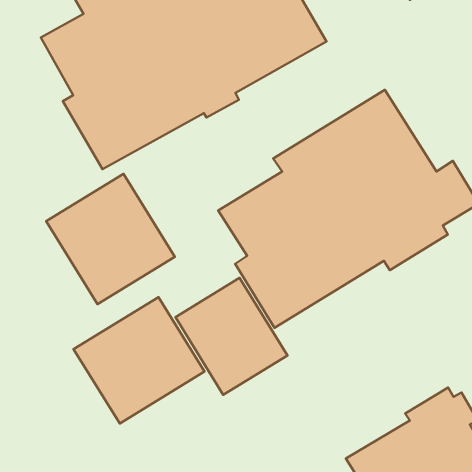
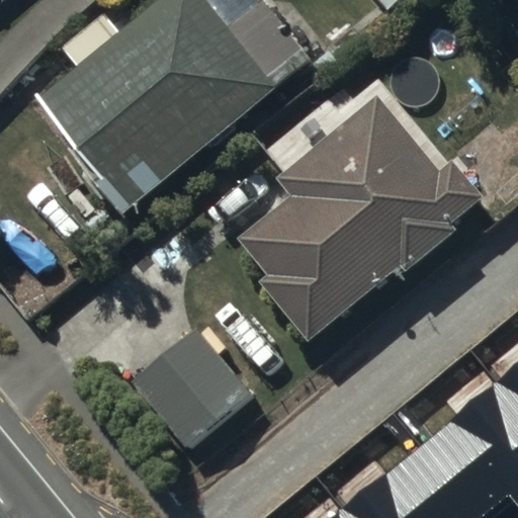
building: [46,174,175,304] -> none
building: [176,278,287,395] -> none

